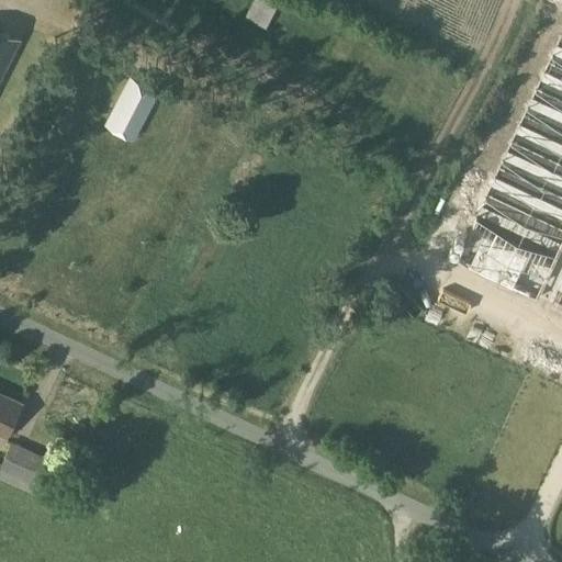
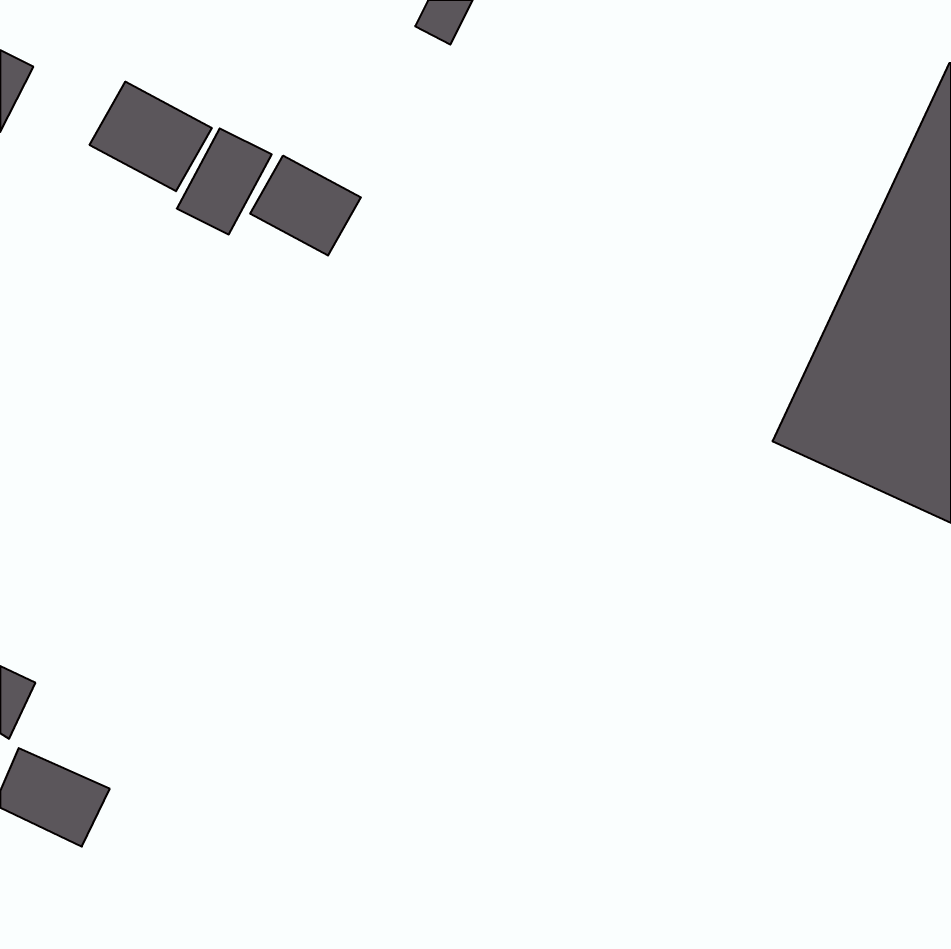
building: none -> [90,82,212,191]
building: none -> [250,156,361,256]

